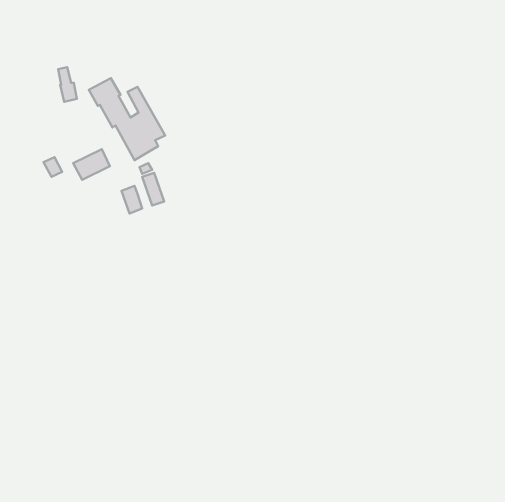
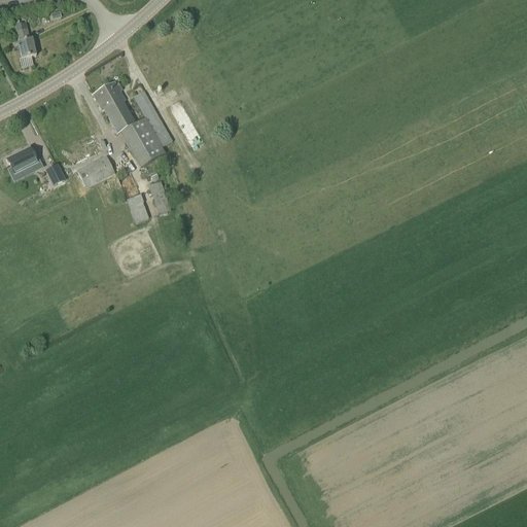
building: [58,67,77,102] -> [15,22,35,58]
building: none -> [5,147,40,174]

